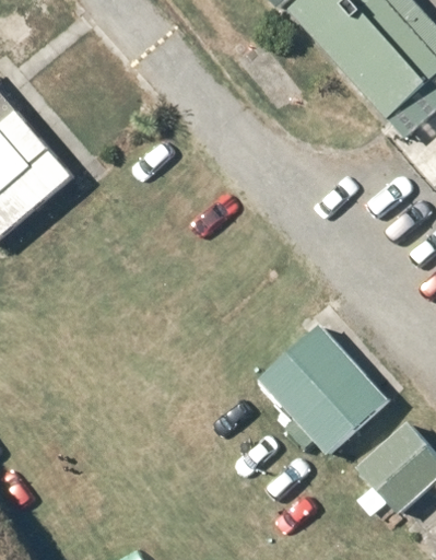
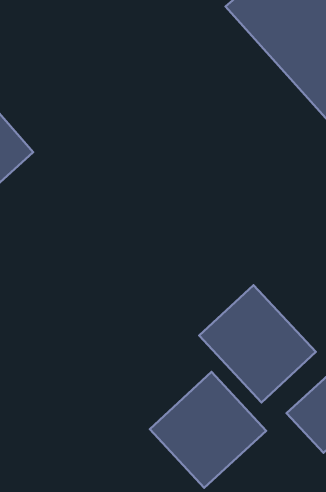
building: none -> [150,372,266,488]

